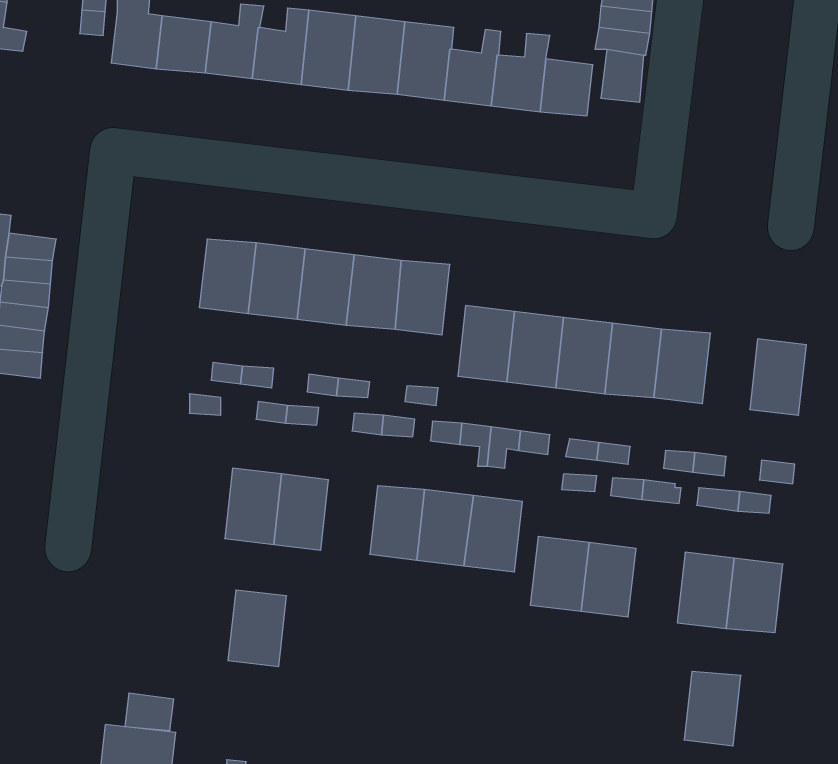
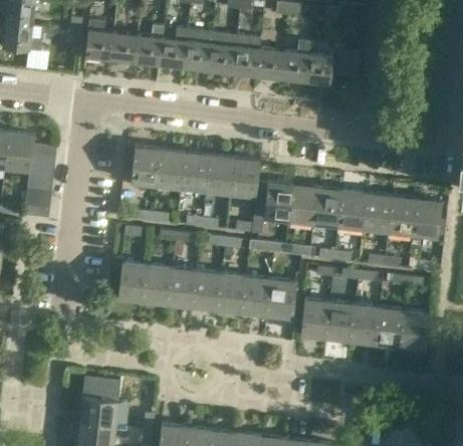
building: none -> [389,195,417,234]
building: none -> [193,270,222,308]
building: [228,590,287,666] -> [118,261,148,300]
building: [684,671,741,746] -> [351,305,380,344]

